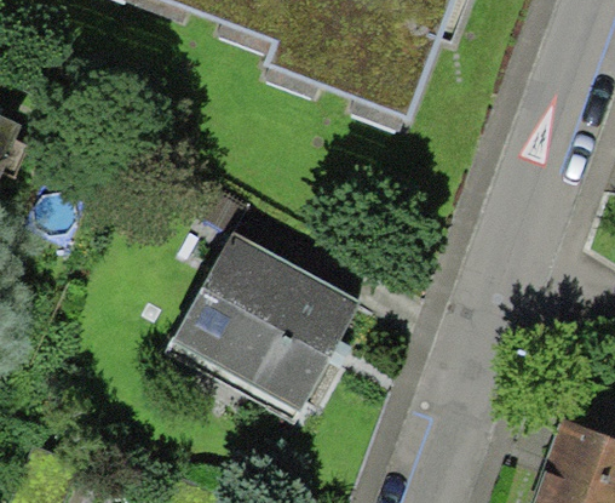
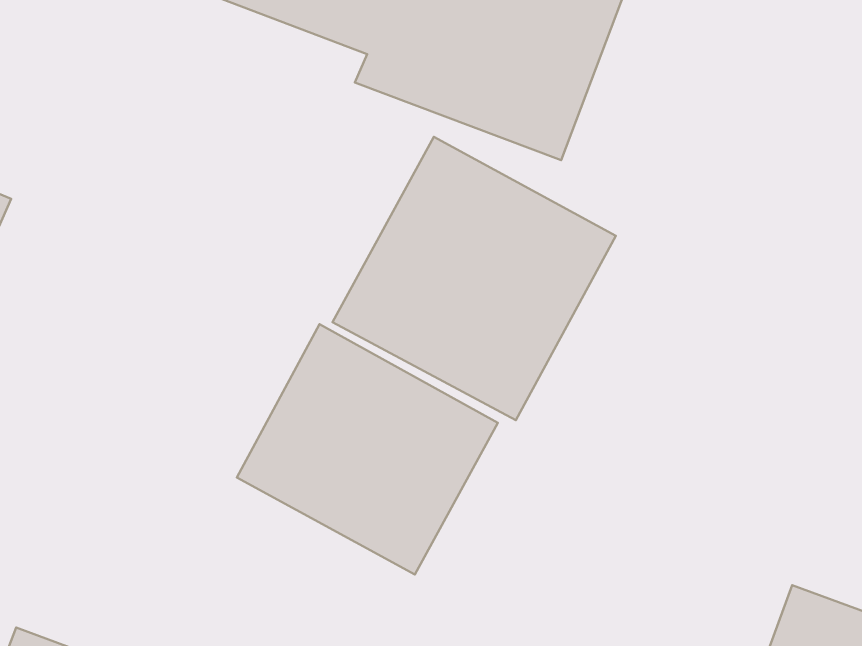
building: none -> [332,137,616,420]

